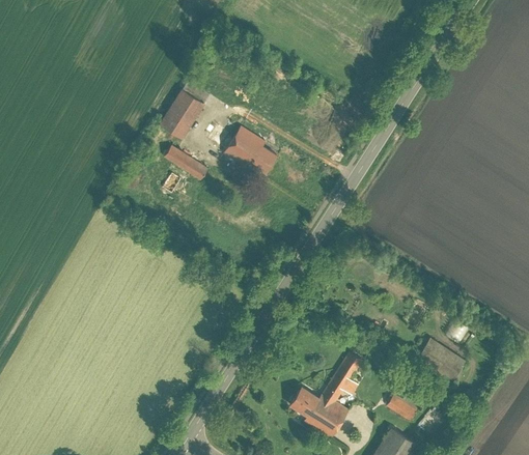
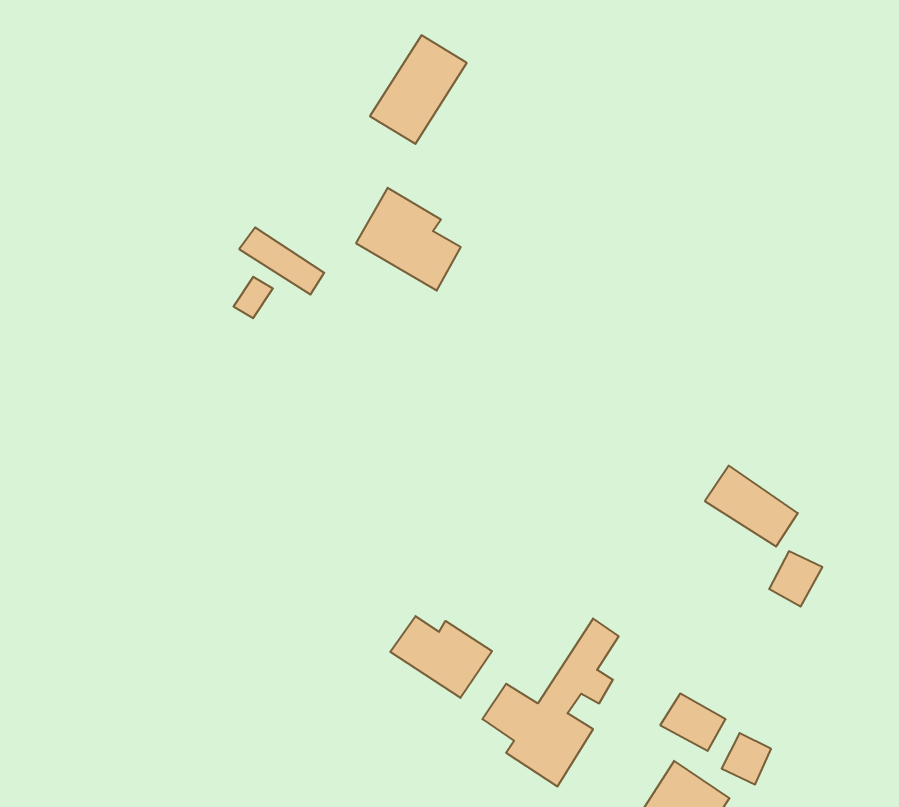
building: [160,82,211,139] -> [370,35,467,144]
building: [417,337,466,379] -> [705,466,798,547]
building: none -> [390,616,492,698]

